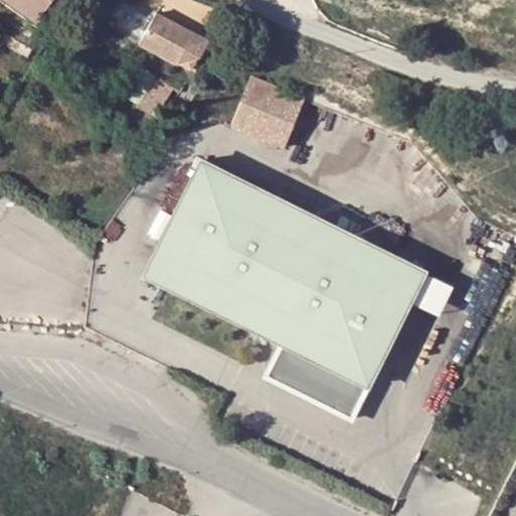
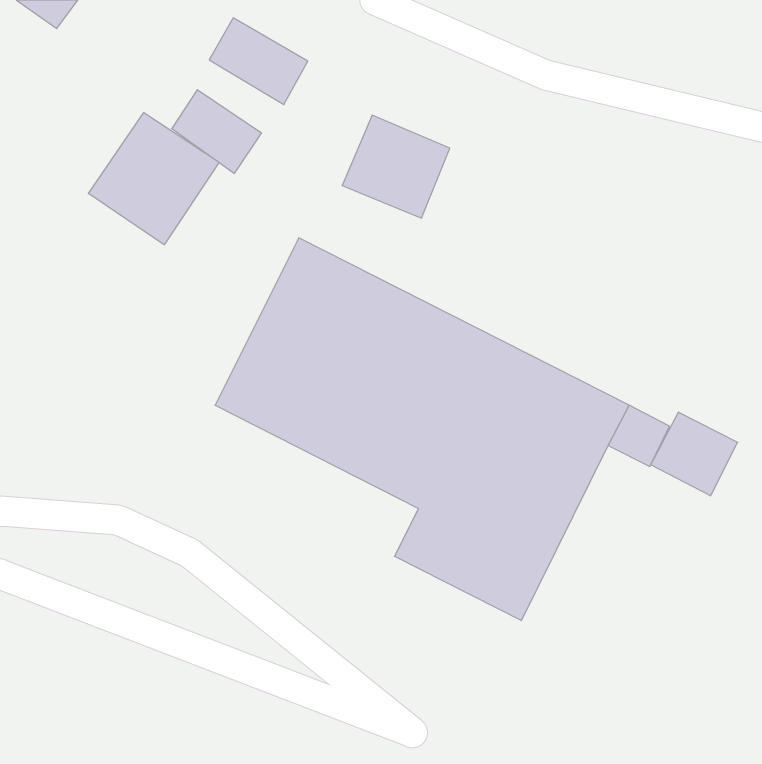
building: none -> [88,113,219,245]
building: none -> [651,412,738,496]

